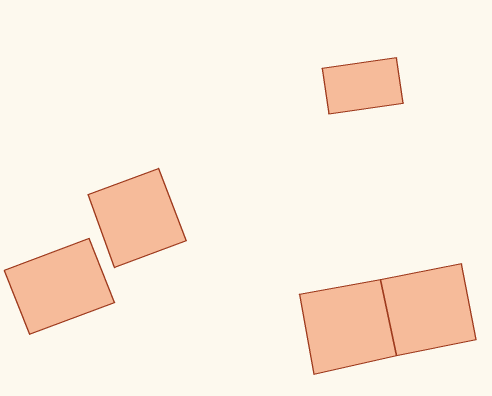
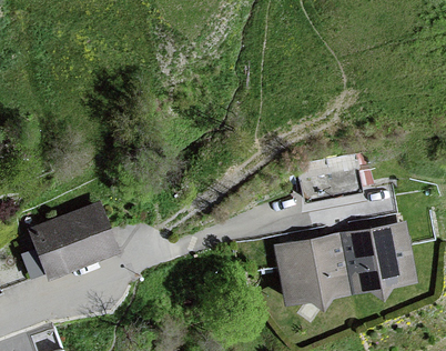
building: [322,58,403,114] -> [291,152,358,199]
building: [88,168,186,268] -> none

